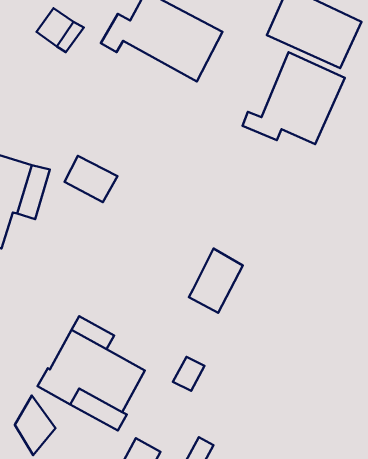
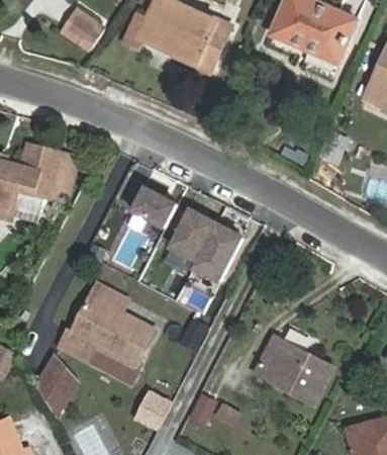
building: [242,52,345,144] -> none
building: [64,156,117,202] -> [132,185,180,226]
building: none -> [171,209,218,261]
building: none -> [264,339,342,406]

